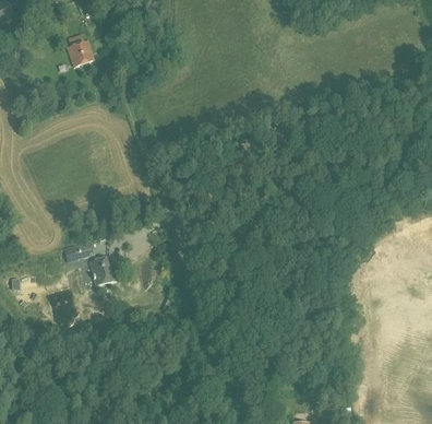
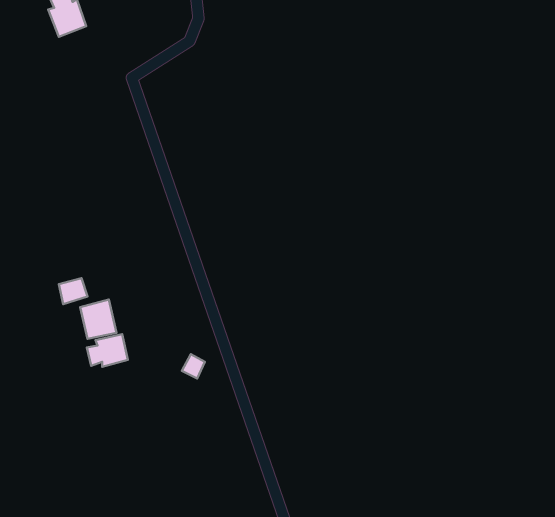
building: none -> [87,334,128,367]

